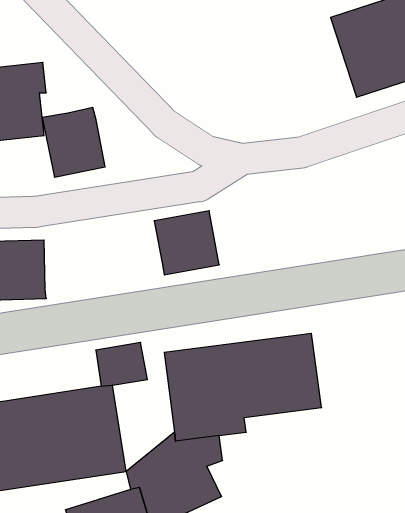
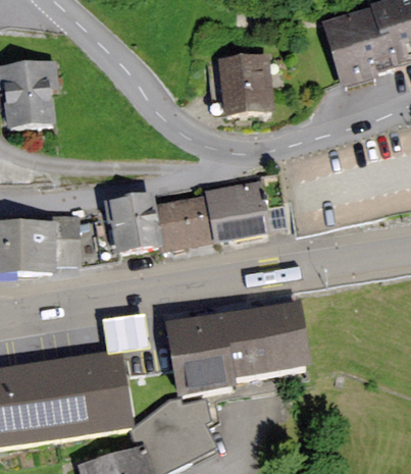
building: none -> [223,52,277,114]
building: [42,107,105,177] -> [107,190,164,253]
building: none -> [206,181,267,241]
building: none -> [56,211,80,263]

